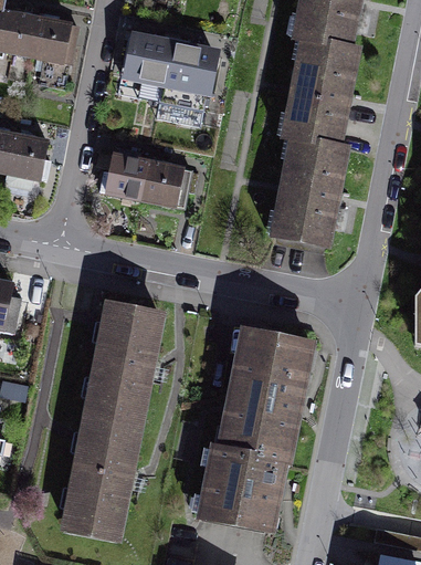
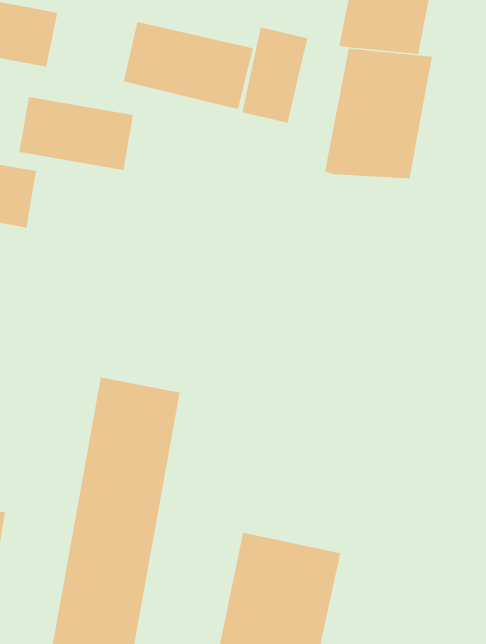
building: none -> [241,27,308,123]
building: [265,143,352,251] -> none
building: [96,148,187,207] -> [18,96,134,171]
building: [214,327,313,439] -> none

